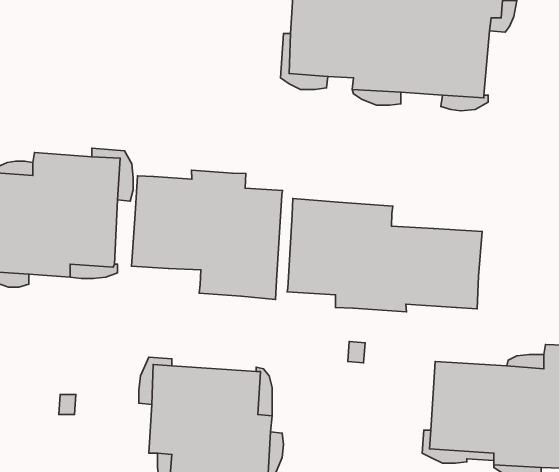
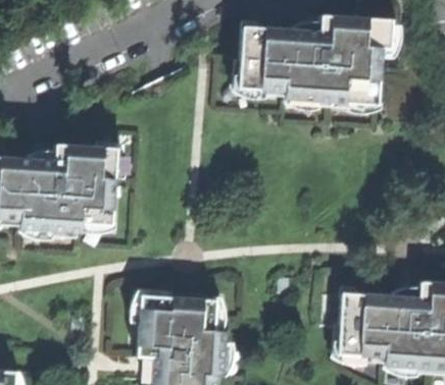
building: [132,170,282,300] -> none
building: [287,198,482,312] -> none

